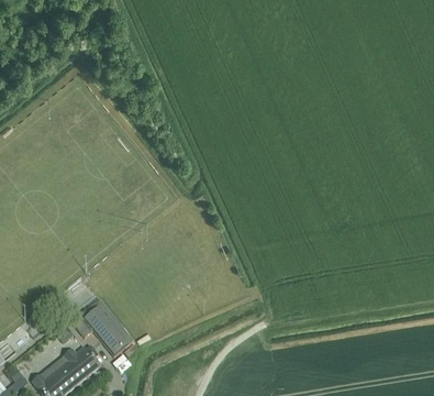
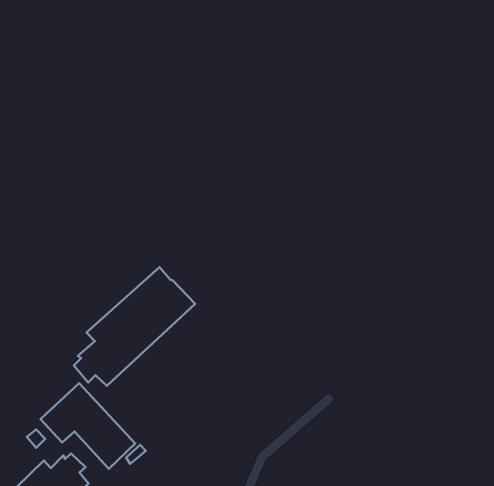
building: none -> [74,267,195,386]

